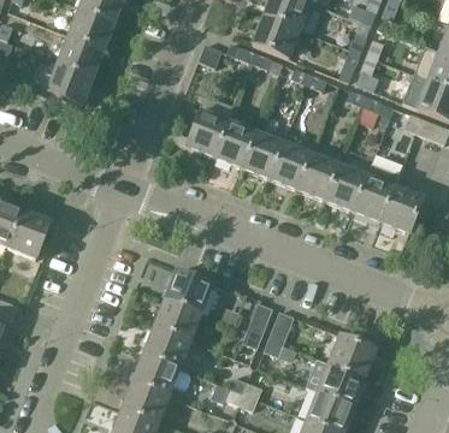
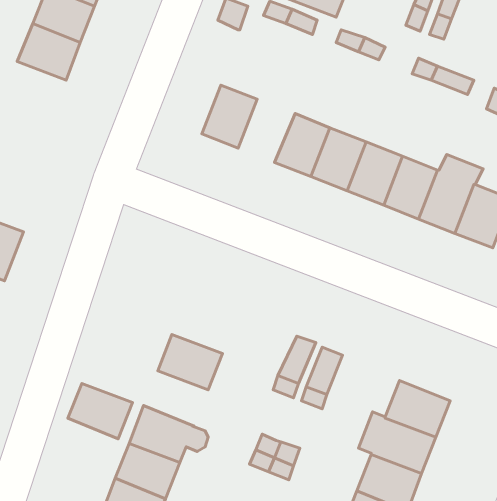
building: [214,120,258,168] -> none
building: [164,271,213,314] -> none
building: [142,327,191,369] -> [68,384,132,439]

